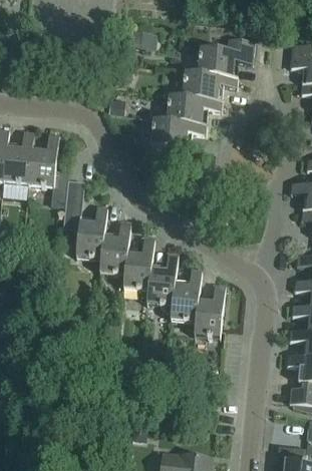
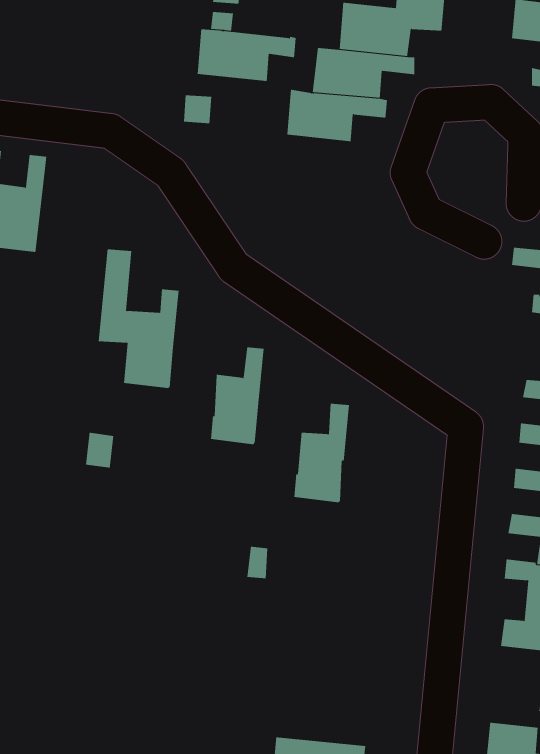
building: [151,118,207,147] -> [197,29,297,81]
building: [28,132,59,186] -> none
building: [100,220,130,275] -> none
building: [147,252,178,307] -> none
building: [195,284,226,338] -> none

